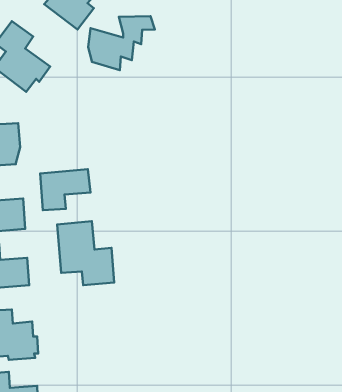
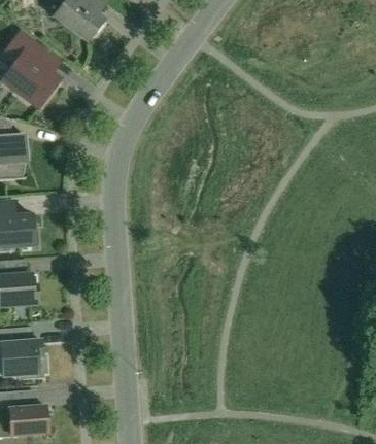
building: [88,16,155,70] -> none
building: [40,169,91,210] -> none
building: [57,221,114,285] -> none

